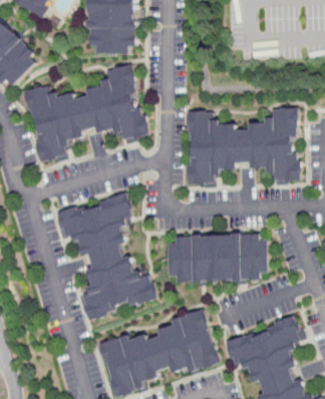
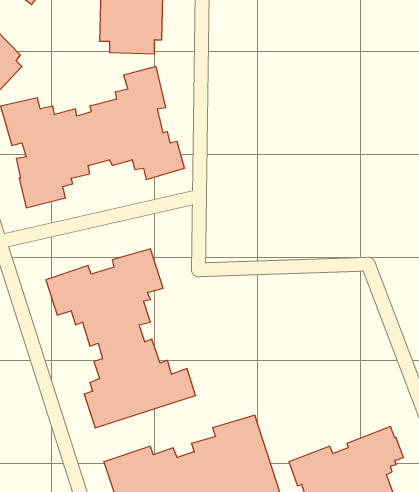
building: [185,110,303,187] -> none
building: [165,235,267,284] -> none

